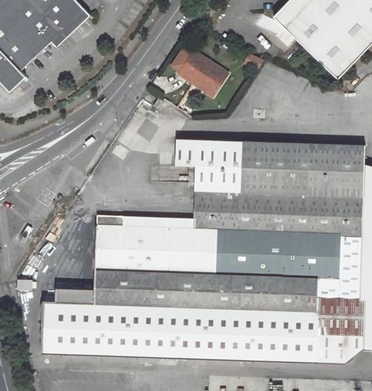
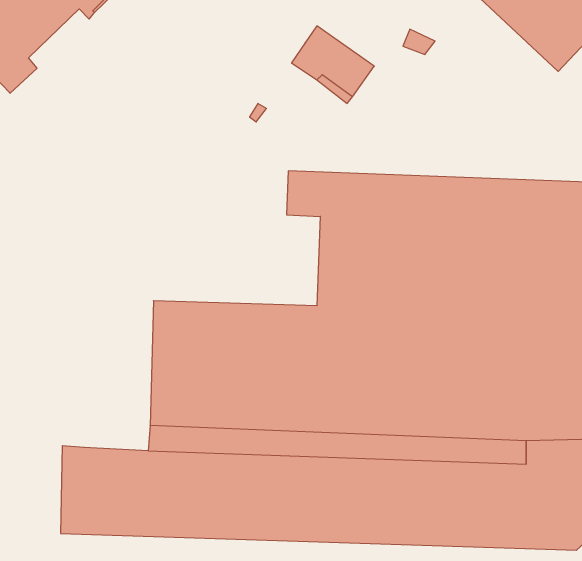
building: [55,288,94,304] -> none

